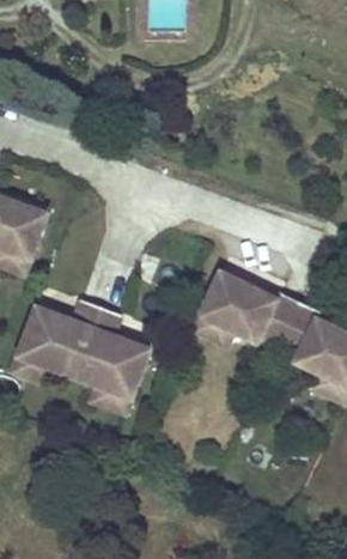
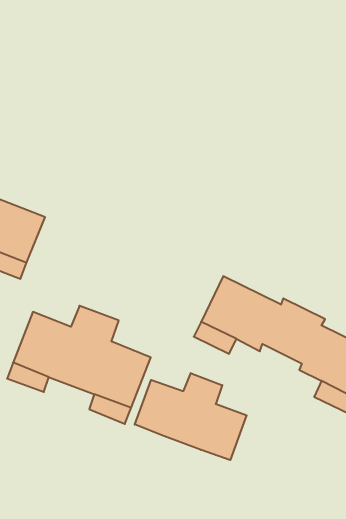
building: none -> [135,373,247,460]

